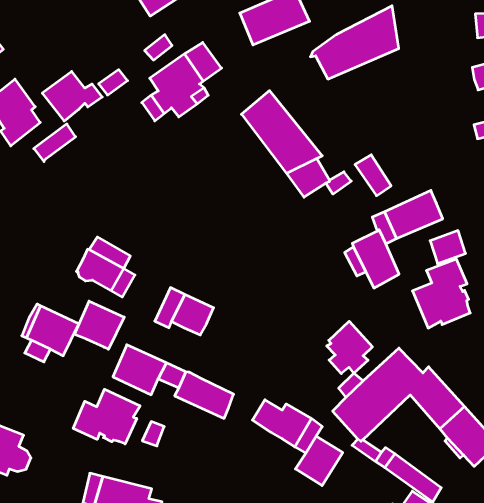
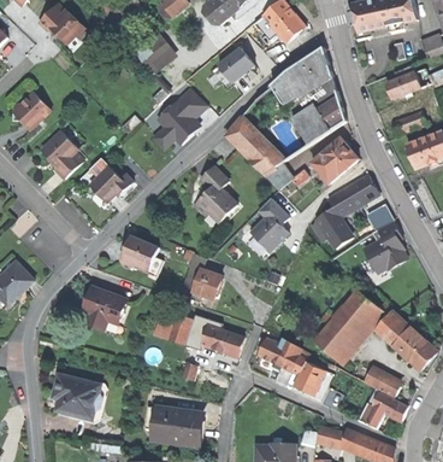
building: none -> [294,89,347,145]
building: [42,71,102,121] -> [89,166,132,203]
building: none -> [321,138,359,175]
building: none -> [194,166,237,222]
building: none -> [250,199,288,252]
building: [75,301,124,349] -> none
building: [327,321,372,374] -> none
building: [73,389,140,444] -> none

